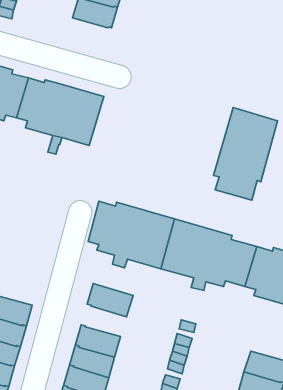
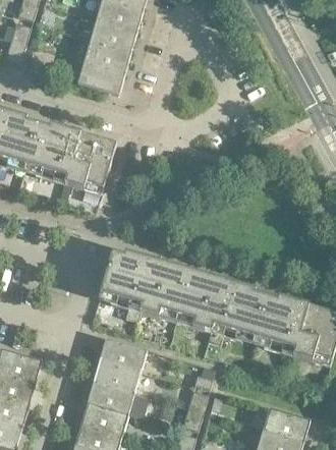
building: none -> [77,61,124,95]
building: [214,108,278,200] -> none
building: none -> [93,358,139,392]

